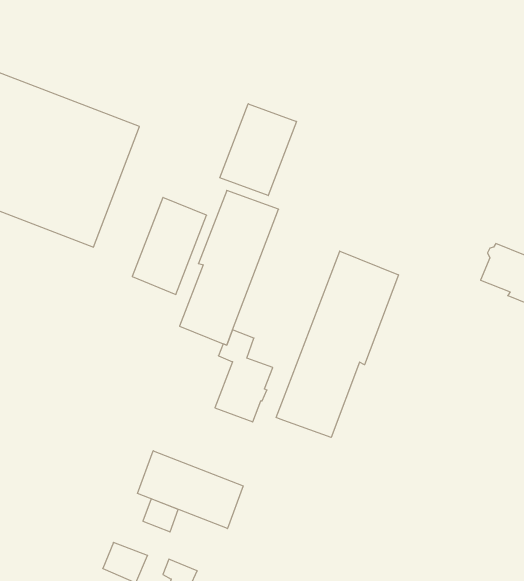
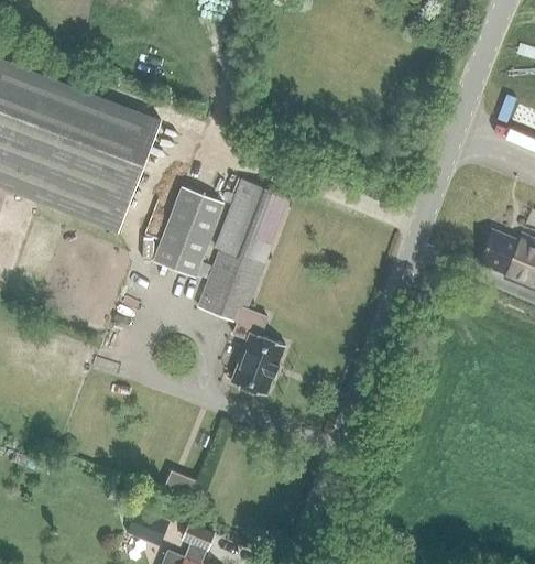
building: [220,104,296,196] -> none
building: [276,251,398,437] -> none
building: [137,451,243,529] -> none

